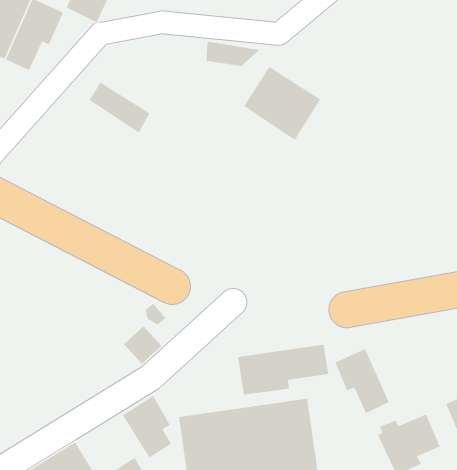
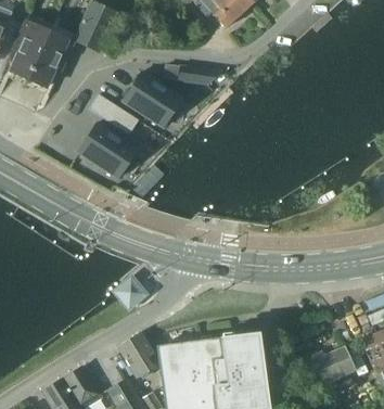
building: [243,66,321,141] -> [123,72,181,128]
building: none -> [77,123,137,178]
building: [237,344,329,396] -> none
building: [334,348,390,414] -> none

